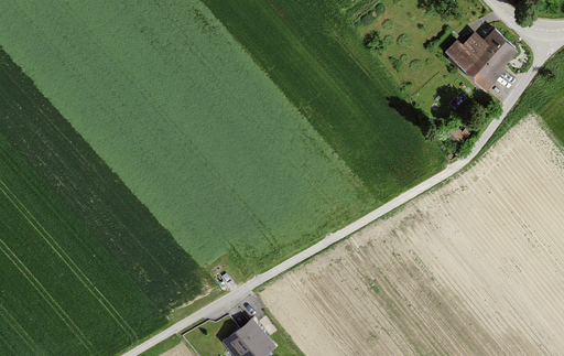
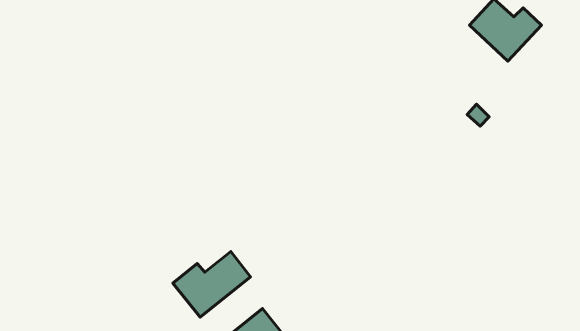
building: none -> [173,251,250,317]

